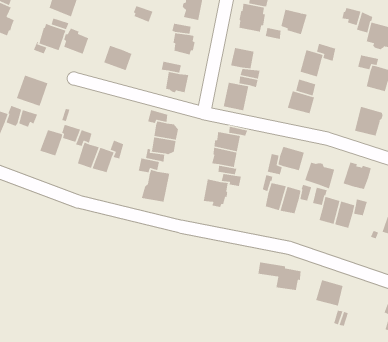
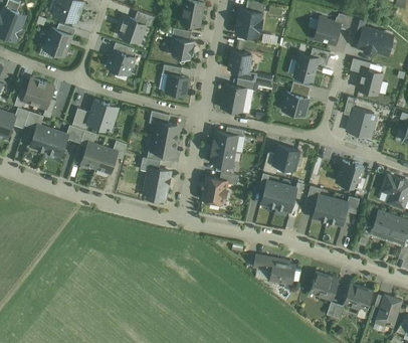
building: [280,9,308,35] -> [315,20,341,45]
building: [63,27,89,55] -> [121,16,146,42]
building: none -> [87,101,118,129]
building: none -> [30,124,53,151]
building: [304,162,335,190] -> none
building: none -> [343,283,372,309]

